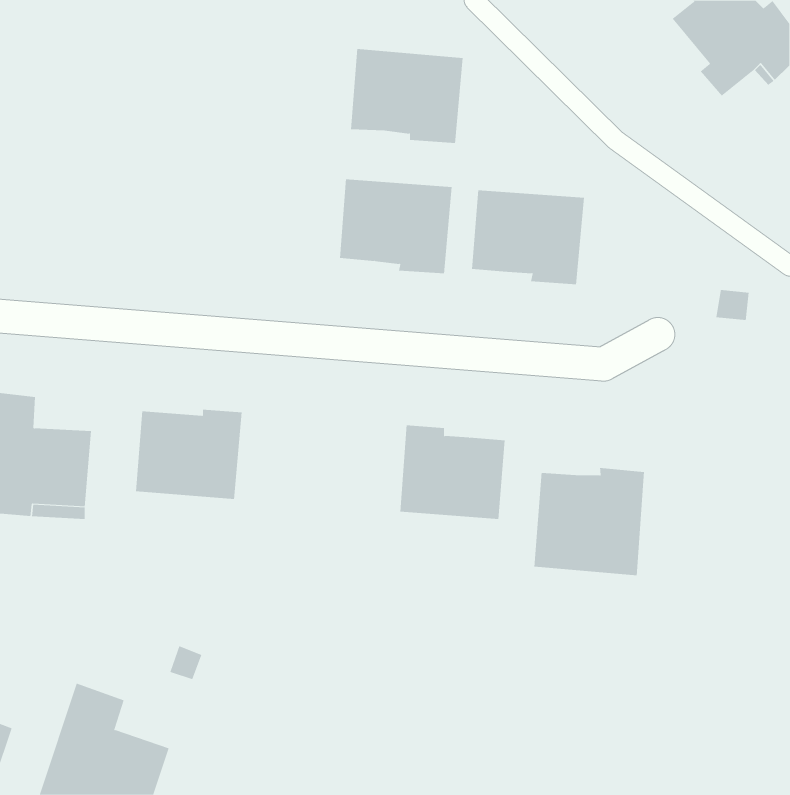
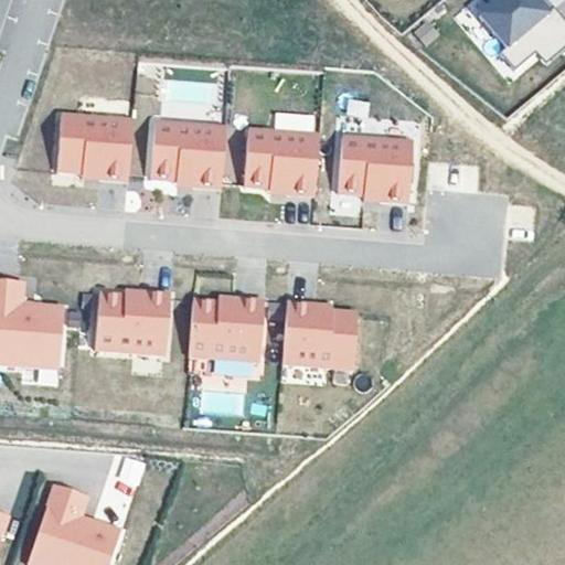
building: [350,48,464,143] -> [147,119,227,186]
building: none -> [53,111,134,179]
building: none -> [189,298,265,362]
building: [534,467,645,576] -> none

